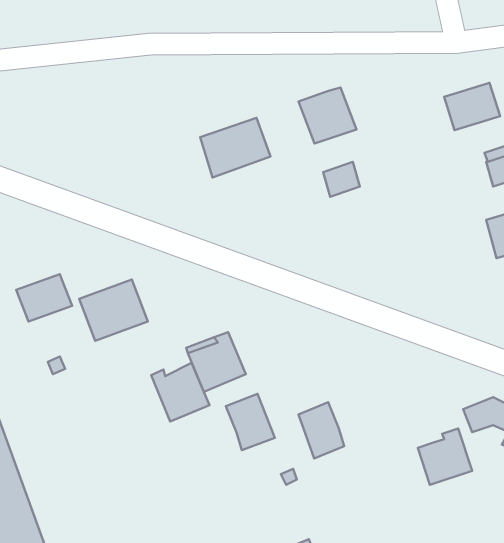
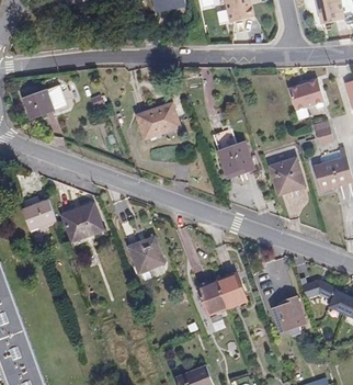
building: [299,87,356,144] -> [217,143,253,178]
building: none -> [23,84,67,118]
building: none -> [269,157,305,197]
building: [151,363,209,422] -> none
building: [226,394,275,450] -> [216,272,247,307]

